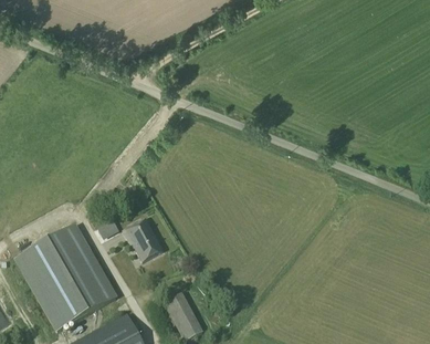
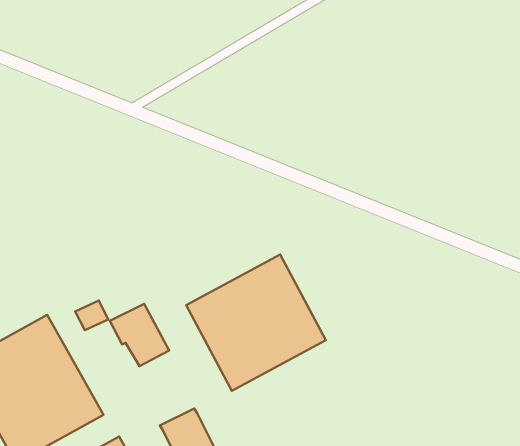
building: none -> [186,255,326,391]

